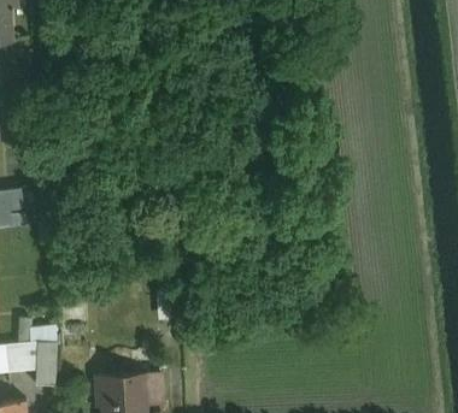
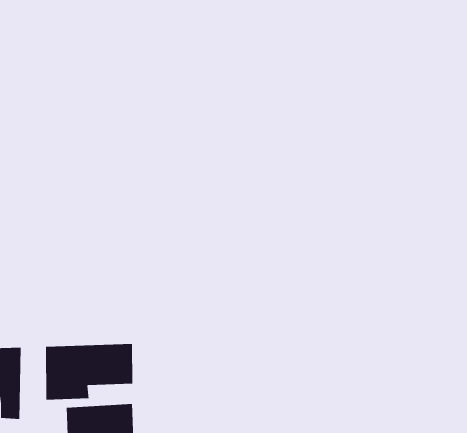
building: none -> [46,343,133,400]

